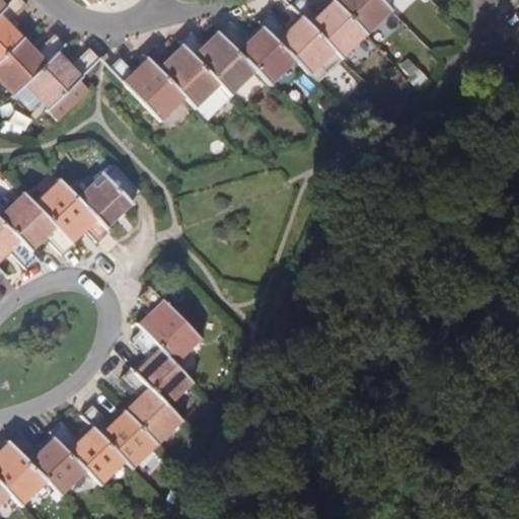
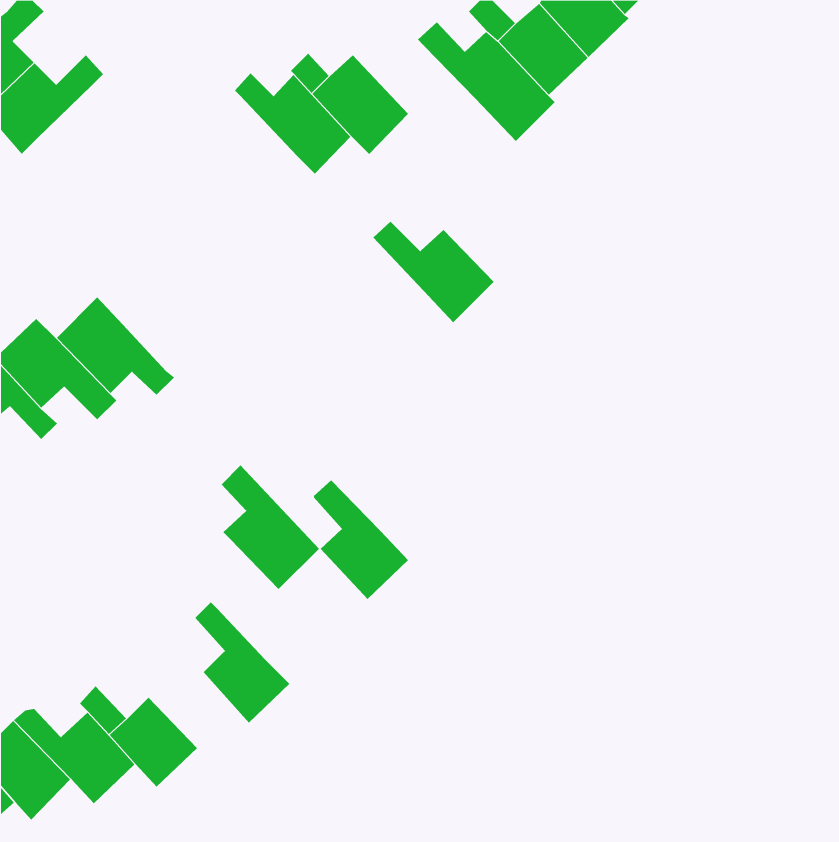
building: [219,23,294,86] -> [372,221,494,323]
building: [25,50,100,109] -> none
building: [108,57,184,121] -> none
building: [78,165,140,228] -> none
building: [132,331,191,405] -> [313,479,409,600]
building: [83,406,155,468] -> none

